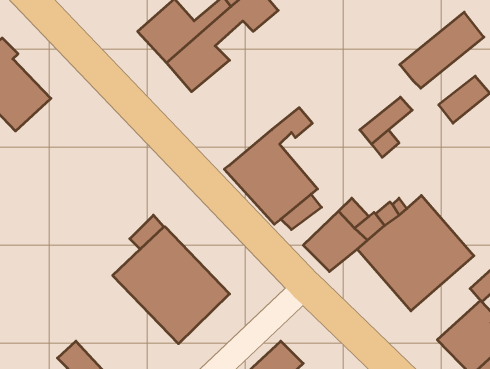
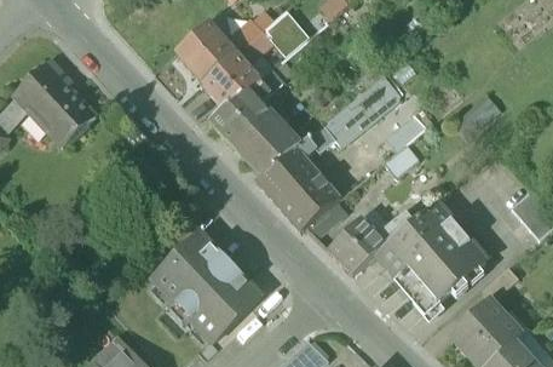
building: [400,12,484,88] -> [324,75,402,145]
building: none -> [209,69,299,177]

